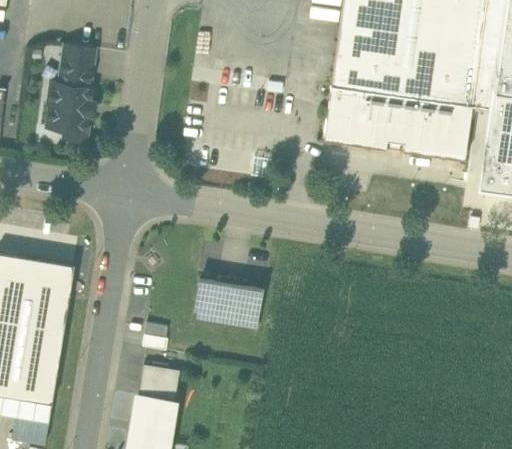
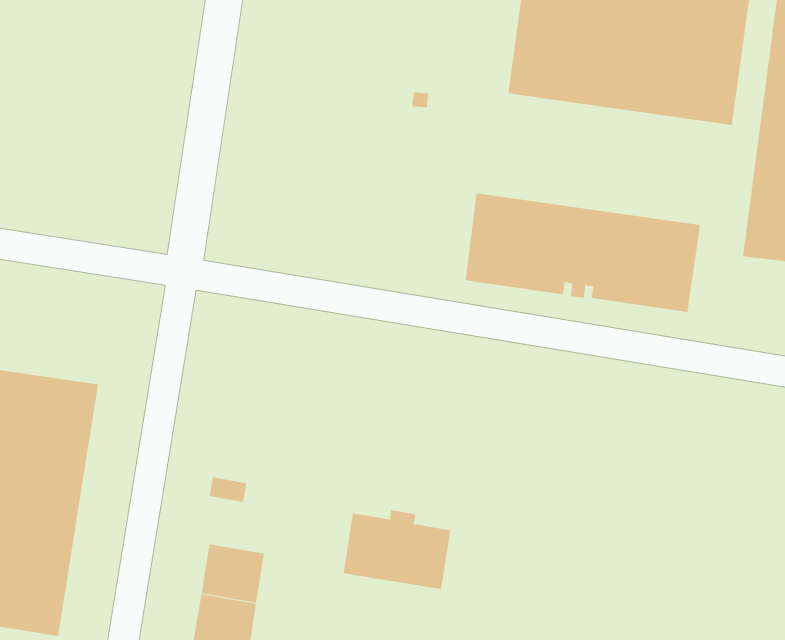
building: [47,45,95,141] -> none
building: [324,84,472,159] -> [465,193,701,313]
building: [193,278,261,328] -> [343,510,451,589]

